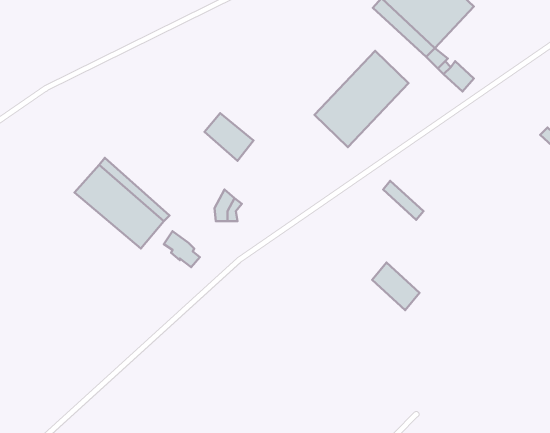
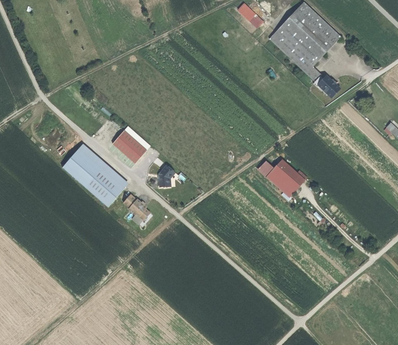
building: [315,51,408,147] -> none
building: [204,113,253,161] -> [112,129,146,162]
building: [372,263,420,310] -> [266,164,299,197]

